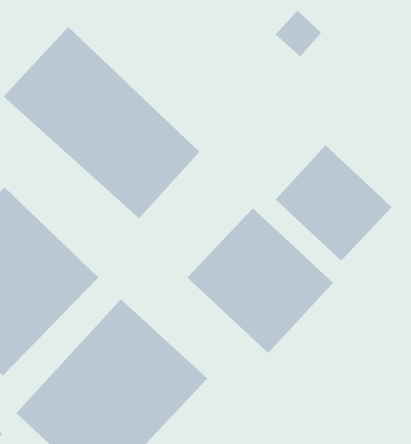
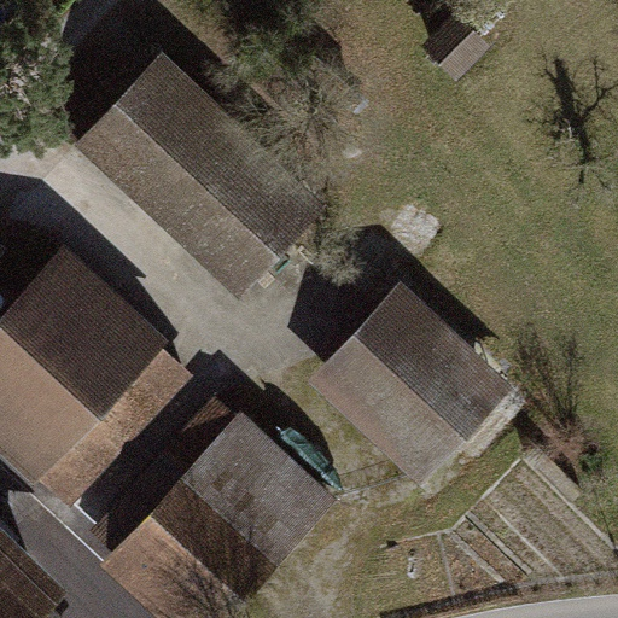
building: [275,144,393,261] -> none

